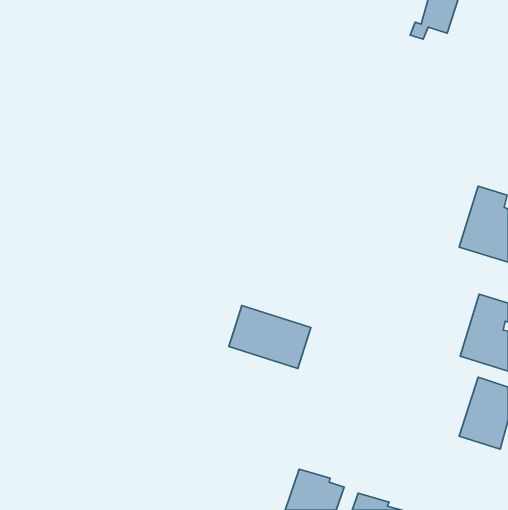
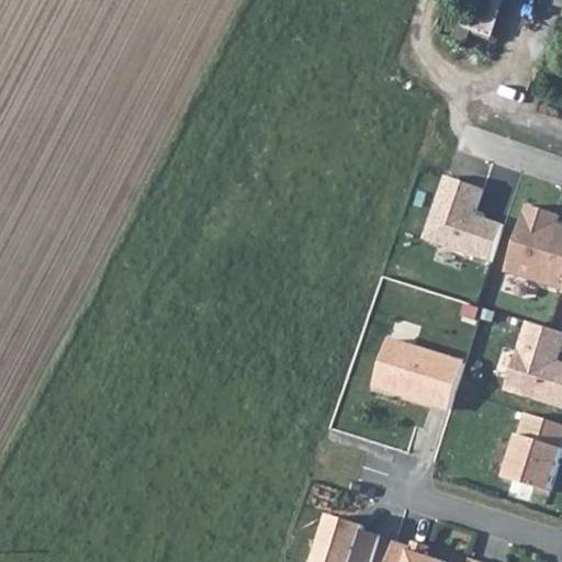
building: none -> [424,173,501,259]
building: [229,306,311,369] -> [373,339,463,408]

